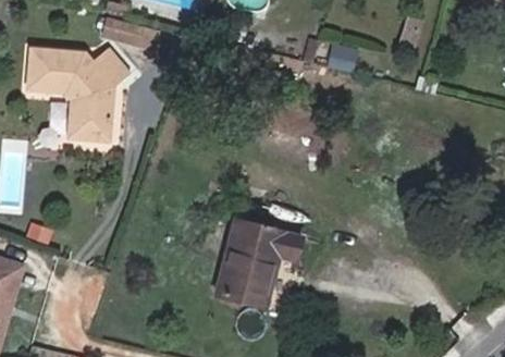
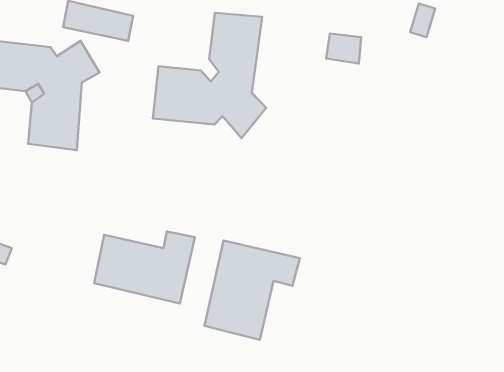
building: none -> [153,13,266,138]
building: none -> [94,232,195,304]

